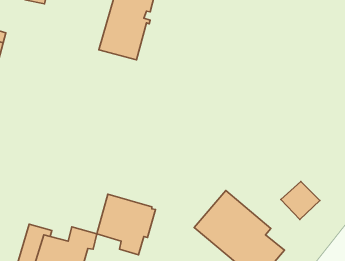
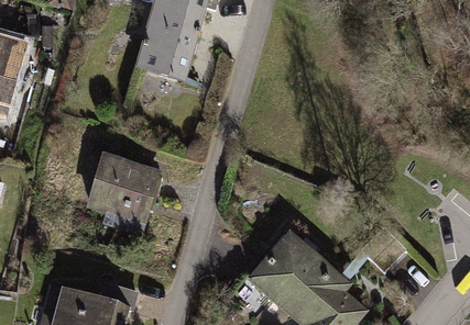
building: [97,194,156,255] -> [90,158,162,232]

